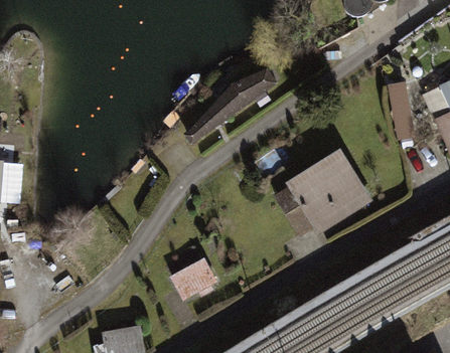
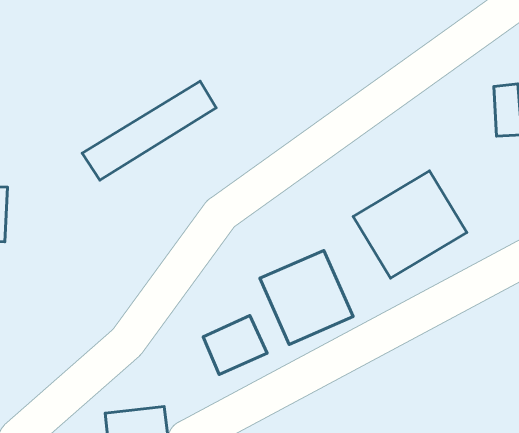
building: [180,68,281,143] -> [82,81,216,180]
building: none -> [260,250,353,344]

